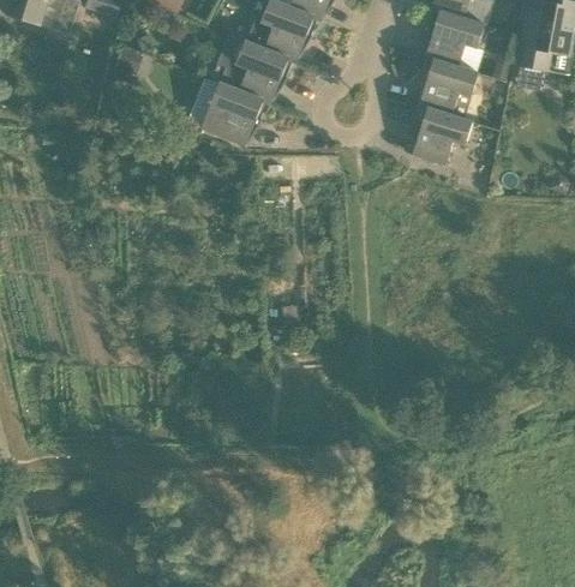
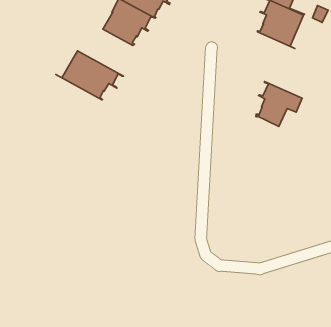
building: [411,102,472,162] -> [256,82,302,126]
building: none -> [56,51,124,100]

